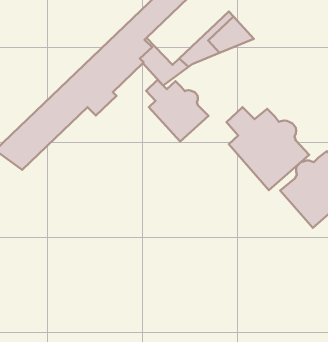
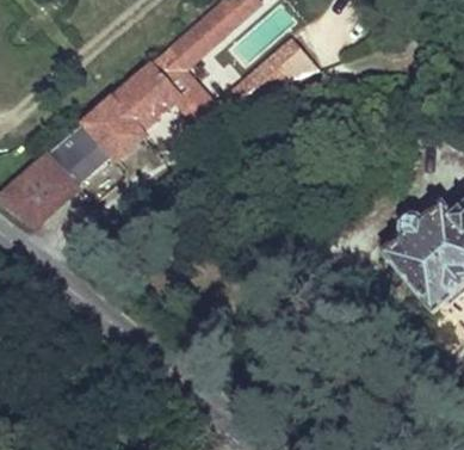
building: [146,80,208,142] -> none
building: [226,107,309,190] -> none

